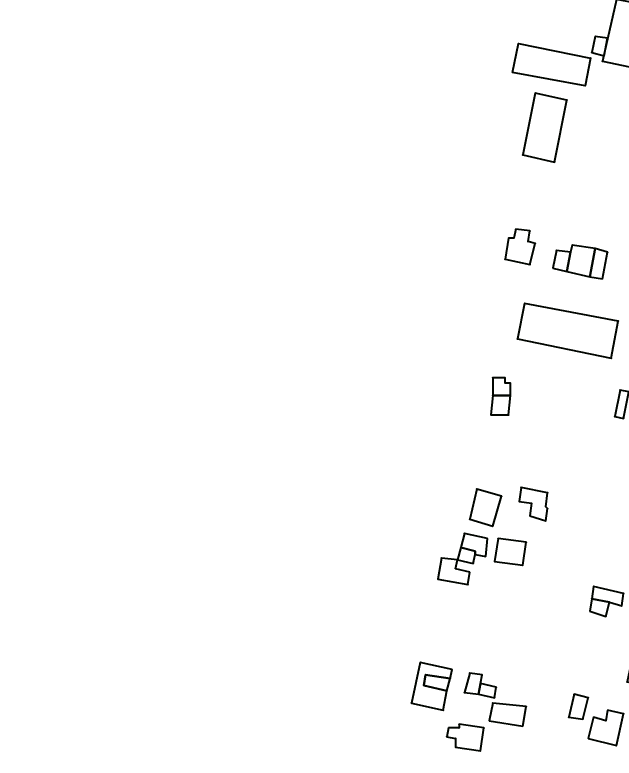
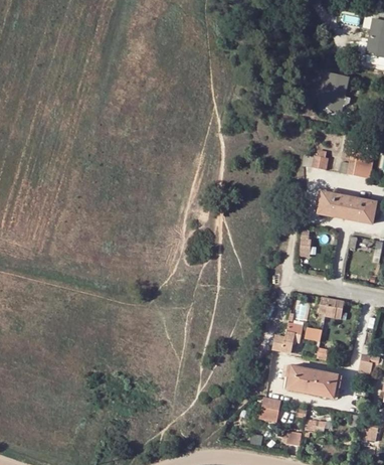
building: [513,44,591,86] -> none
building: none -> [282,363,341,399]

